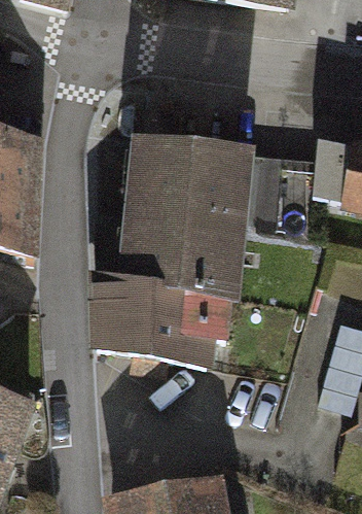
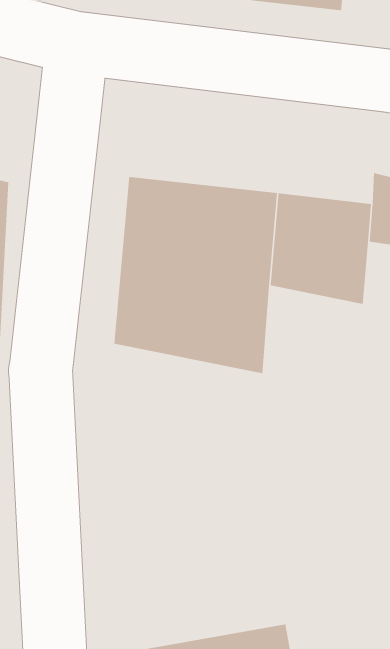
building: [88,259,232,367] -> none

